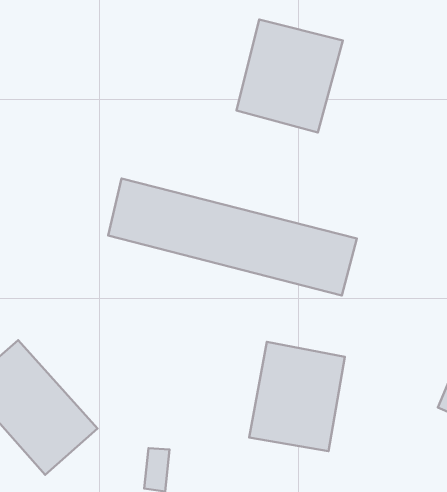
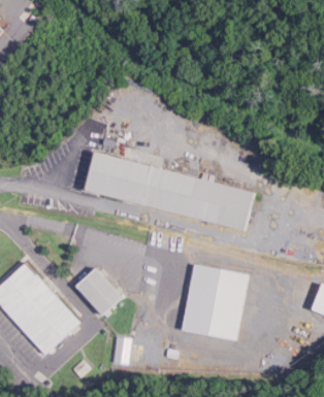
building: [236,19,343,133] -> none
building: none -> [73,267,120,316]

